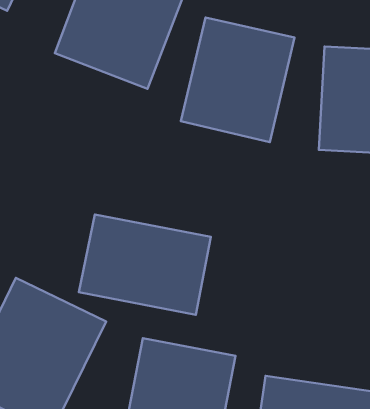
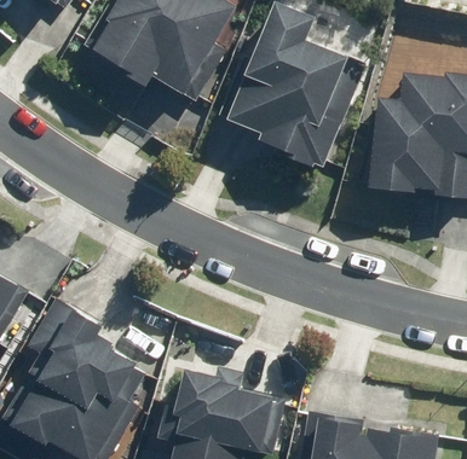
building: [79,214,211,315] -> none

